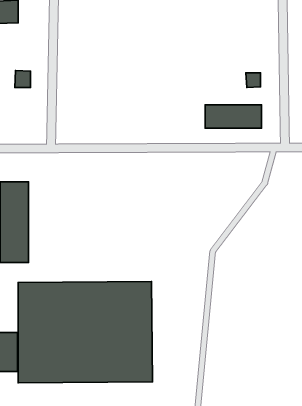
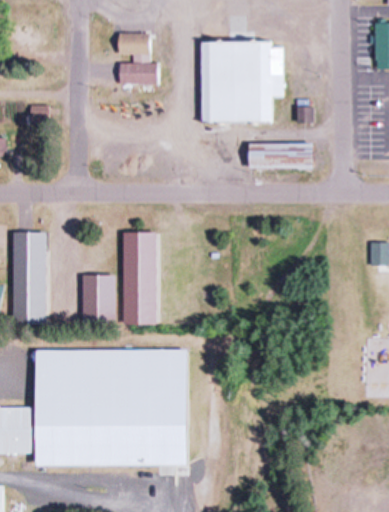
building: none -> [118,33,158,83]
building: none -> [202,40,283,121]
building: none -> [125,233,158,326]
building: none -> [83,276,115,324]

